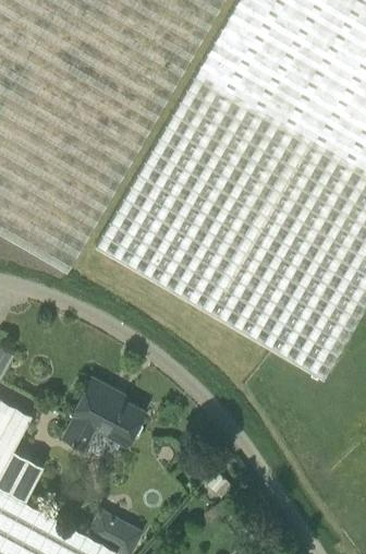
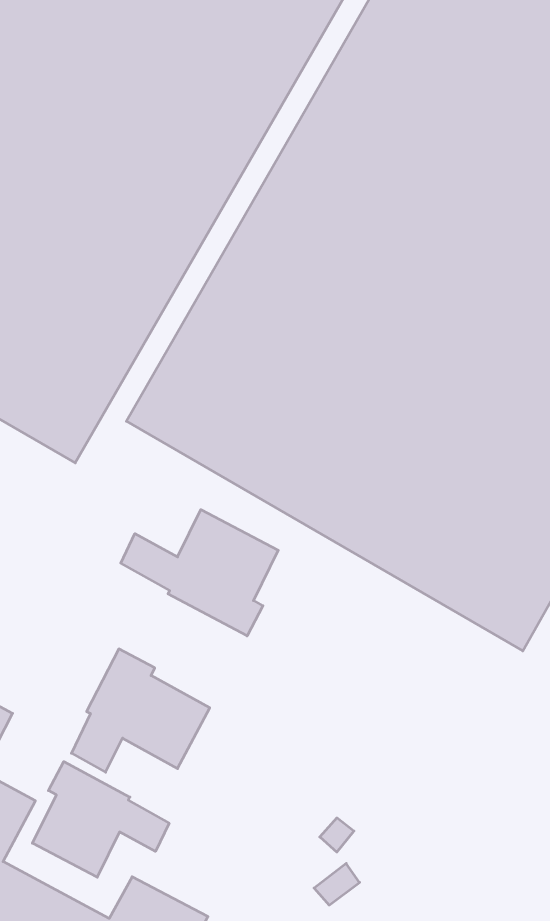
building: none -> [121,510,278,636]
building: none -> [32,762,169,877]

